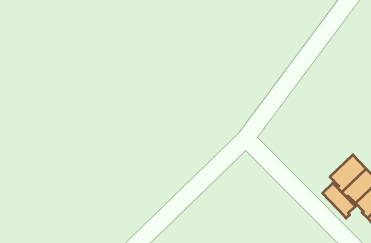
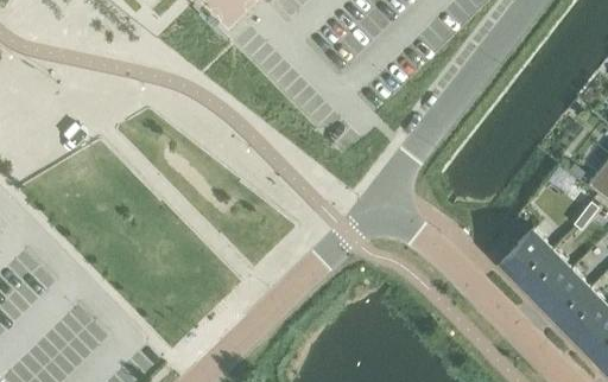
building: [323,183,355,218] -> none

